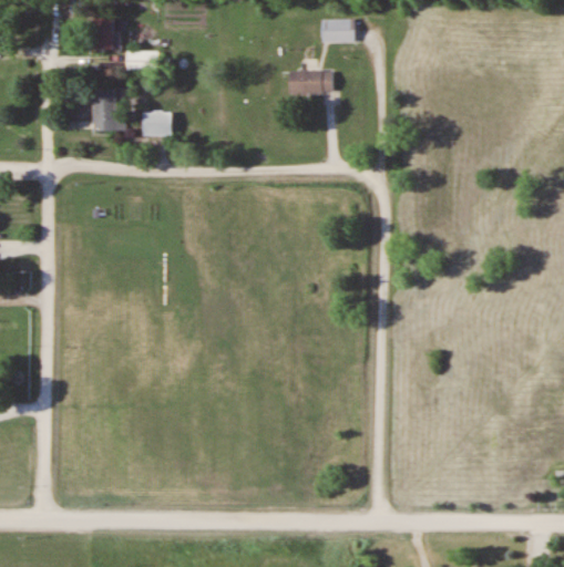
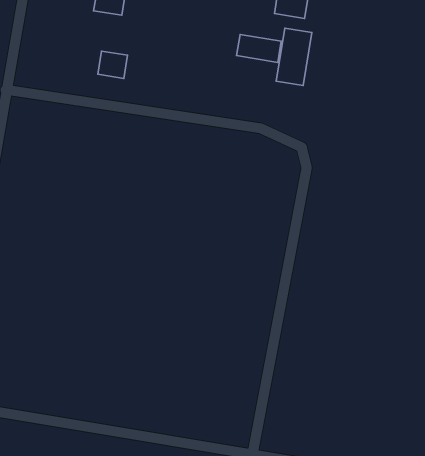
building: none -> [276,28,312,85]
building: [93,87,125,131] -> none

